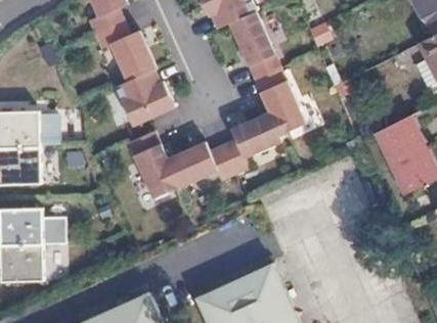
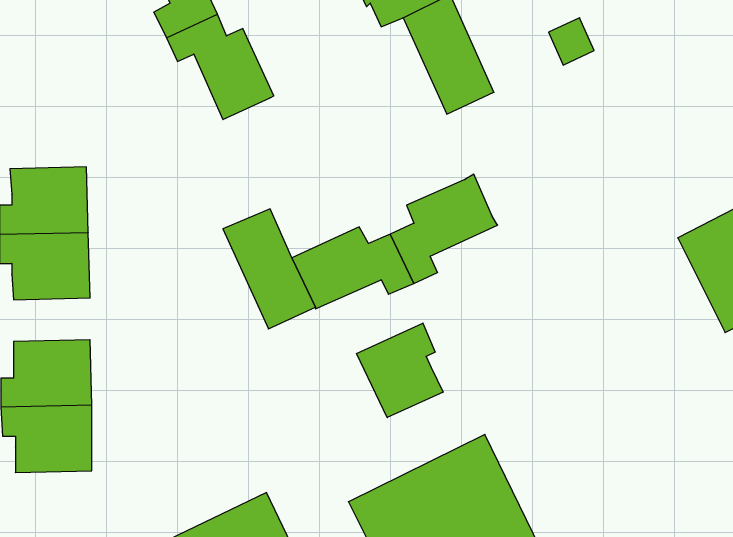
building: [252,64,304,134] -> none
building: [115,67,173,125] -> none
building: none -> [357,323,443,418]

